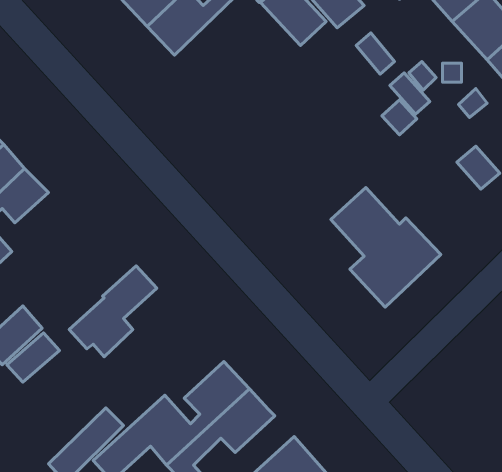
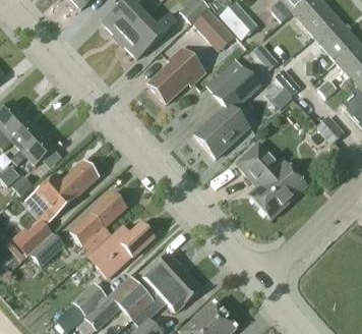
building: none -> [146,46,204,102]
building: none -> [193,65,259,157]
building: none -> [34,160,98,223]
building: none -> [94,222,154,276]

